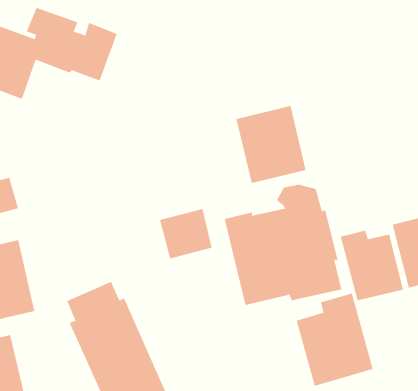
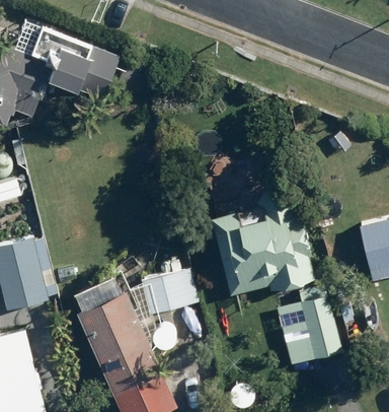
building: [236,105,306,184] -> none
building: [159,208,212,259] -> [143,271,189,316]
building: [340,230,403,301] -> none

